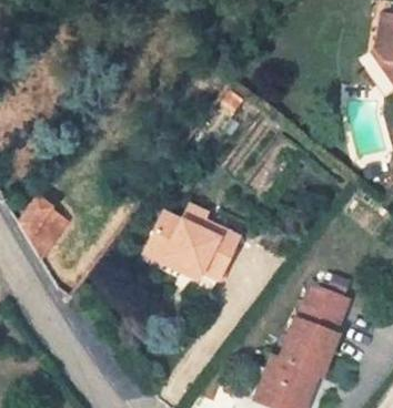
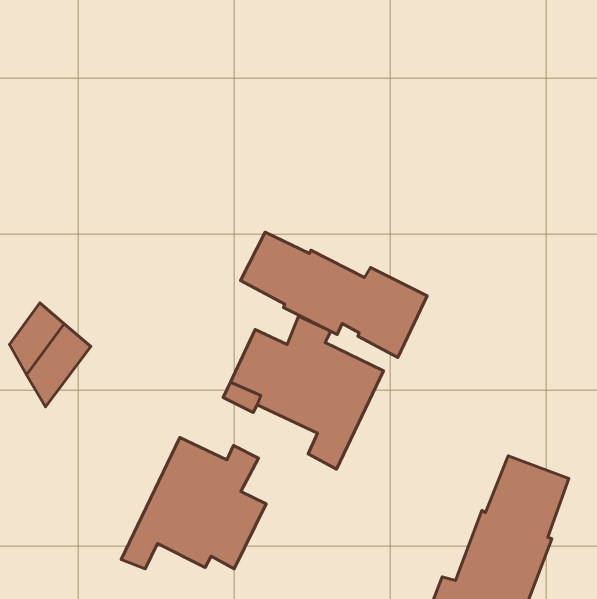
building: none -> [241,232,427,357]
building: none -> [121,438,266,569]

